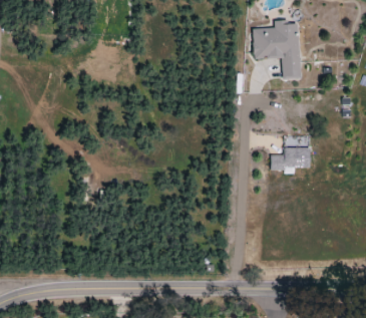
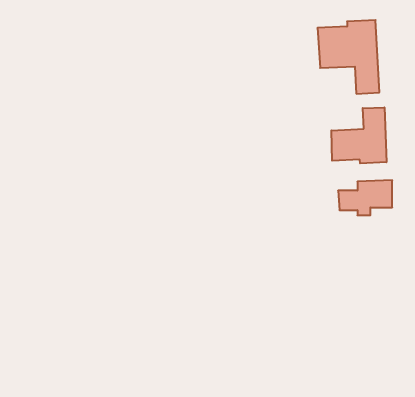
building: none -> [331,107,386,163]

